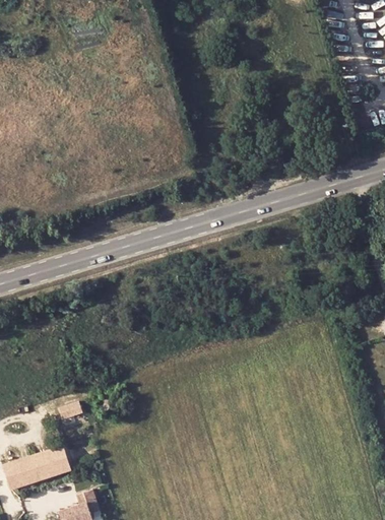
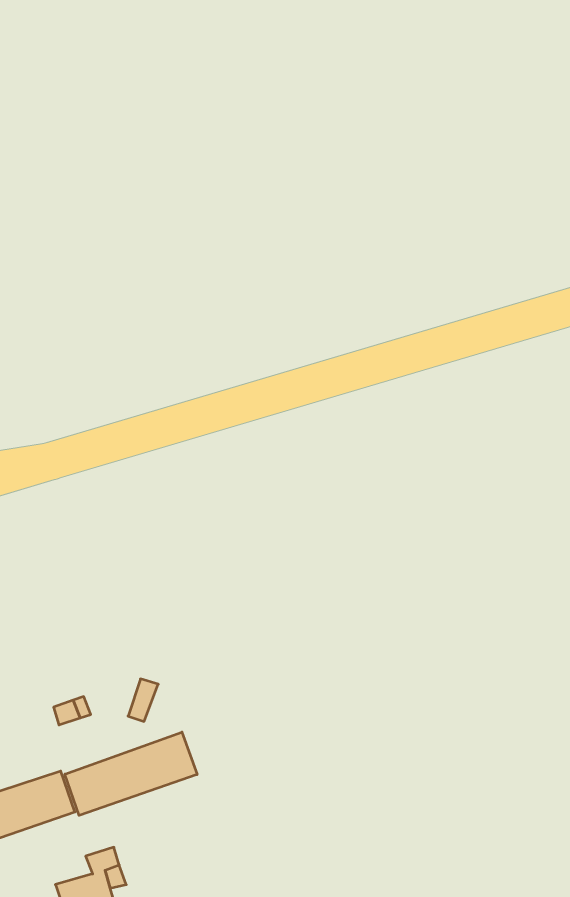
building: none -> [65,732,197,815]

